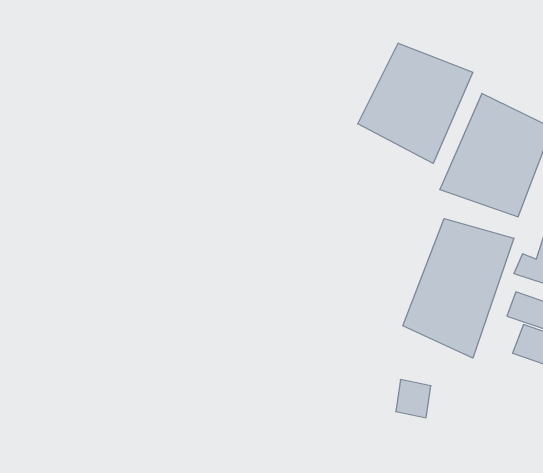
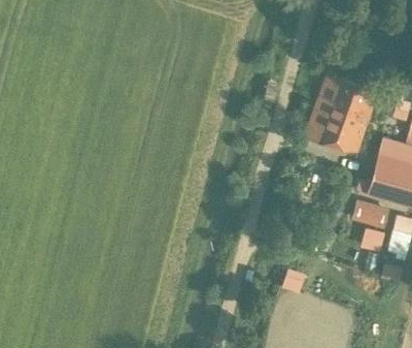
building: [358,43,473,163] -> none
building: [403,219,514,358] -> none

